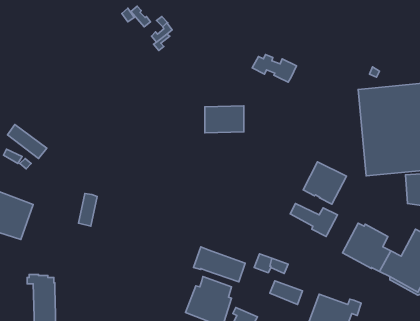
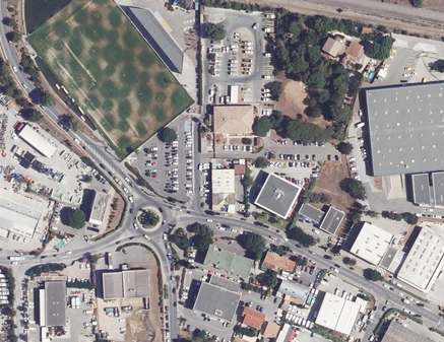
building: [252,55,296,82] -> [321,37,365,64]
building: [303,162,346,204] -> [255,174,298,215]
building: none -> [211,168,234,212]
building: none -> [102,264,149,309]

